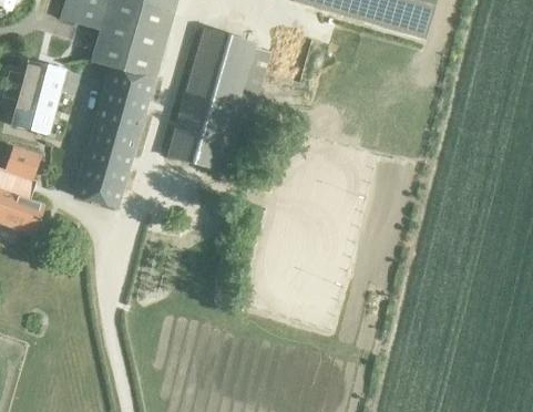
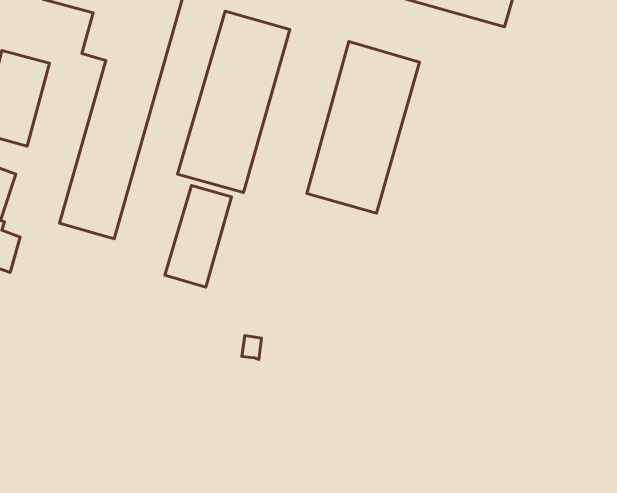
building: none -> [307,41,419,213]
building: none -> [165,186,232,287]

